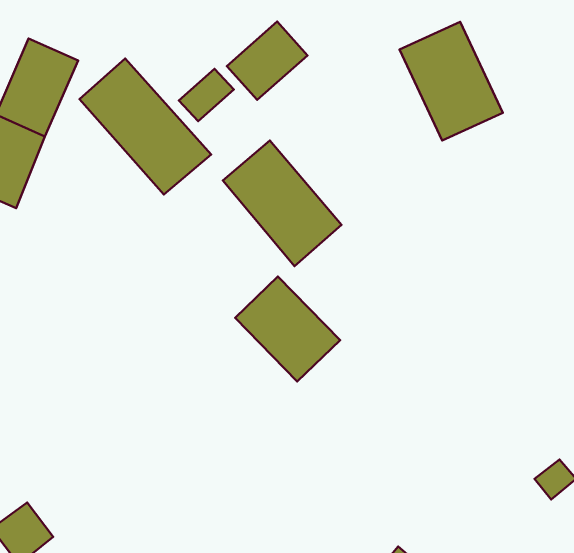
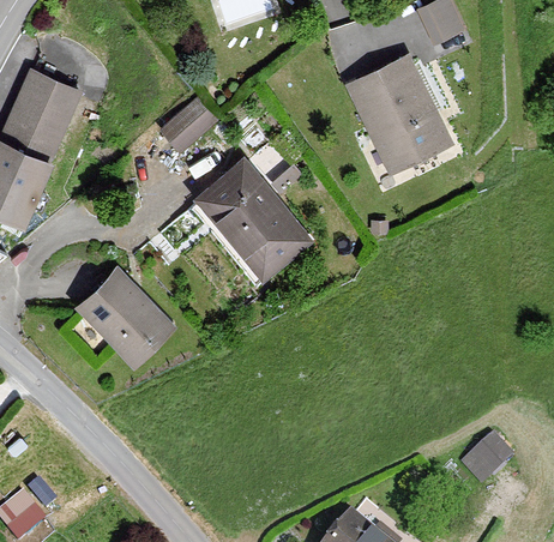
building: [227,22,308,100] -> none
building: [80,59,211,195] -> none
building: [235,277,340,381] -> [79,273,170,365]

